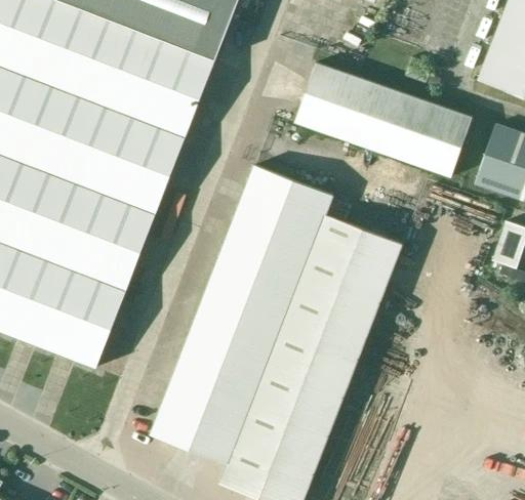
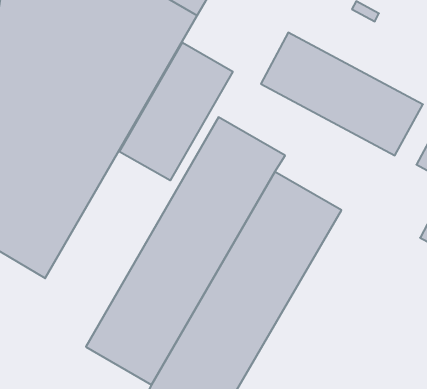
building: none -> [119,42,233,180]

